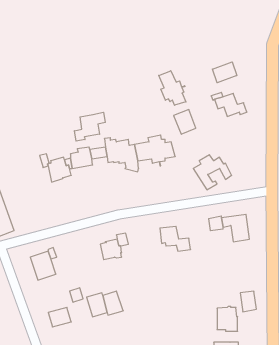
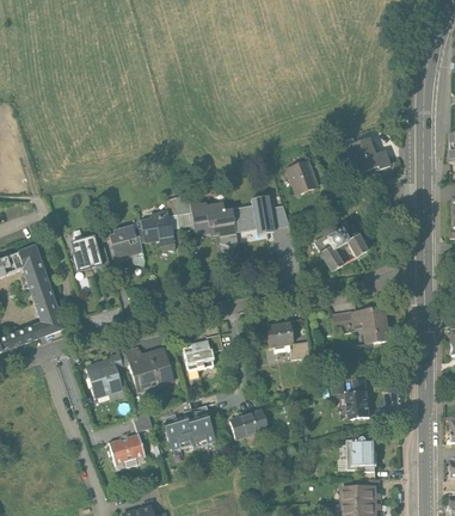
building: [212,62,237,83] -> none
building: [159,71,186,105] -> none
building: [74,112,105,141] -> none
building: none -> [70,234,102,270]
building: none -> [125,345,172,389]
building: none -> [229,410,266,437]
building: [240,291,256,312] -> [346,391,369,419]

